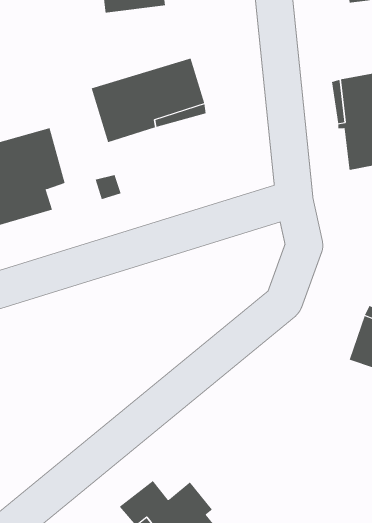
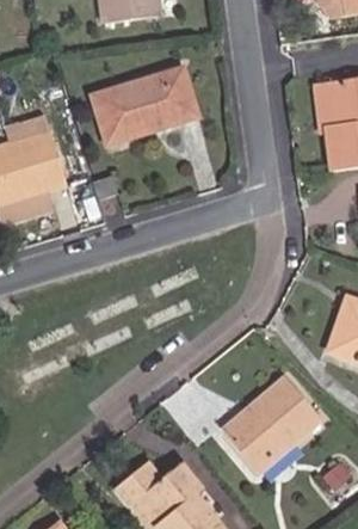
building: none -> [224,379,321,473]

